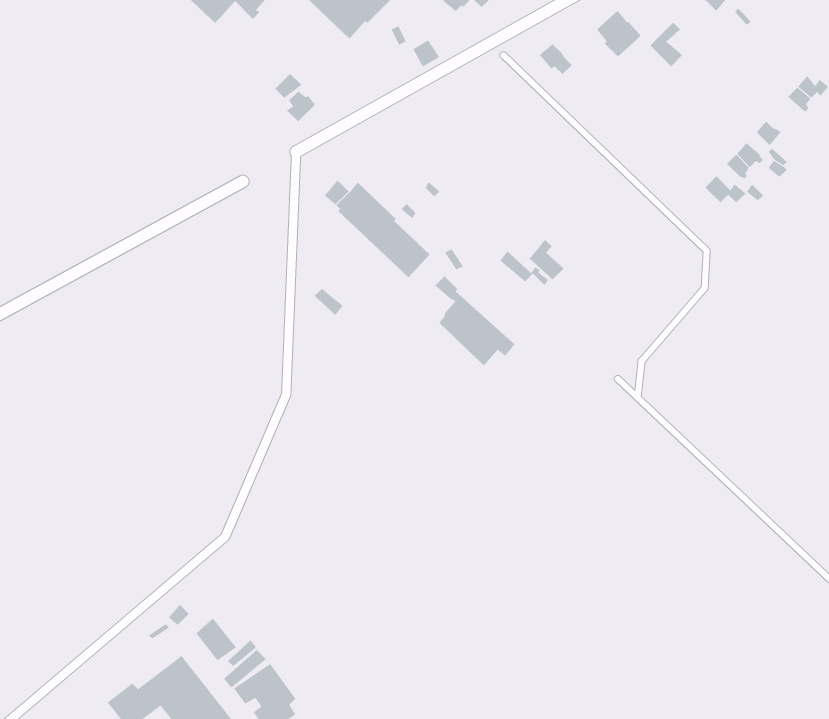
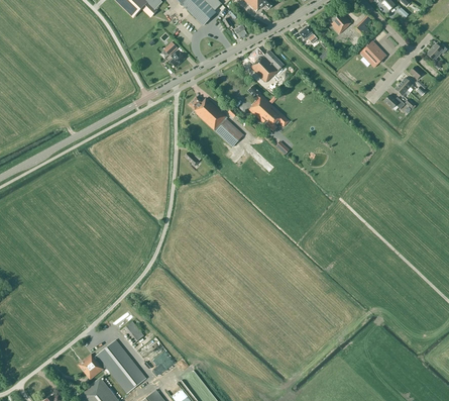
building: none -> [359,39,386,68]
building: none -> [249,49,284,82]
building: [435,275,516,366] -> [247,85,289,131]

